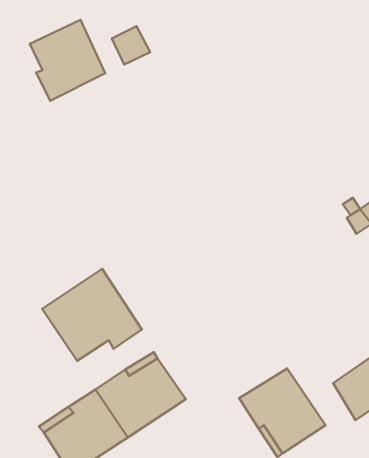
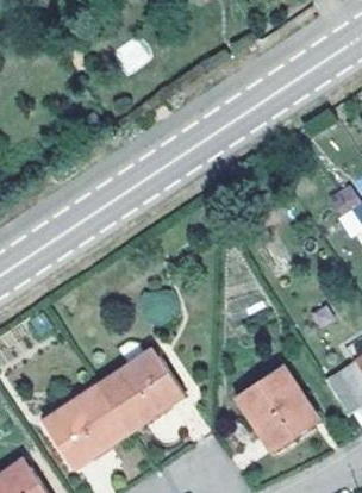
building: [30,20,105,101] -> none
building: [42,269,142,361] -> none

